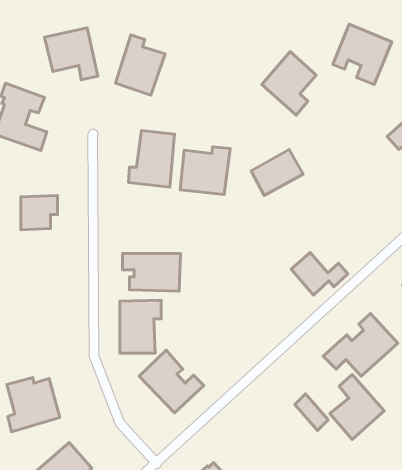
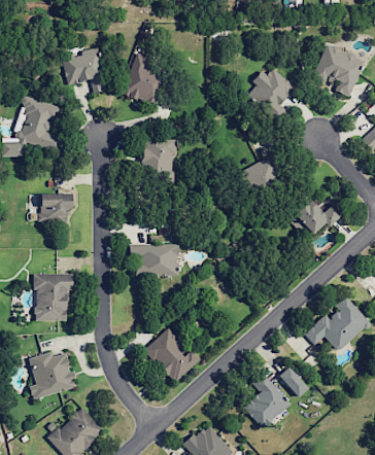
building: [180,147,230,194] -> none
building: [291,253,348,295] -> [291,196,340,233]
building: [120,300,161,353] -> [36,273,72,319]
building: [330,374,384,439] -> [242,371,289,427]

